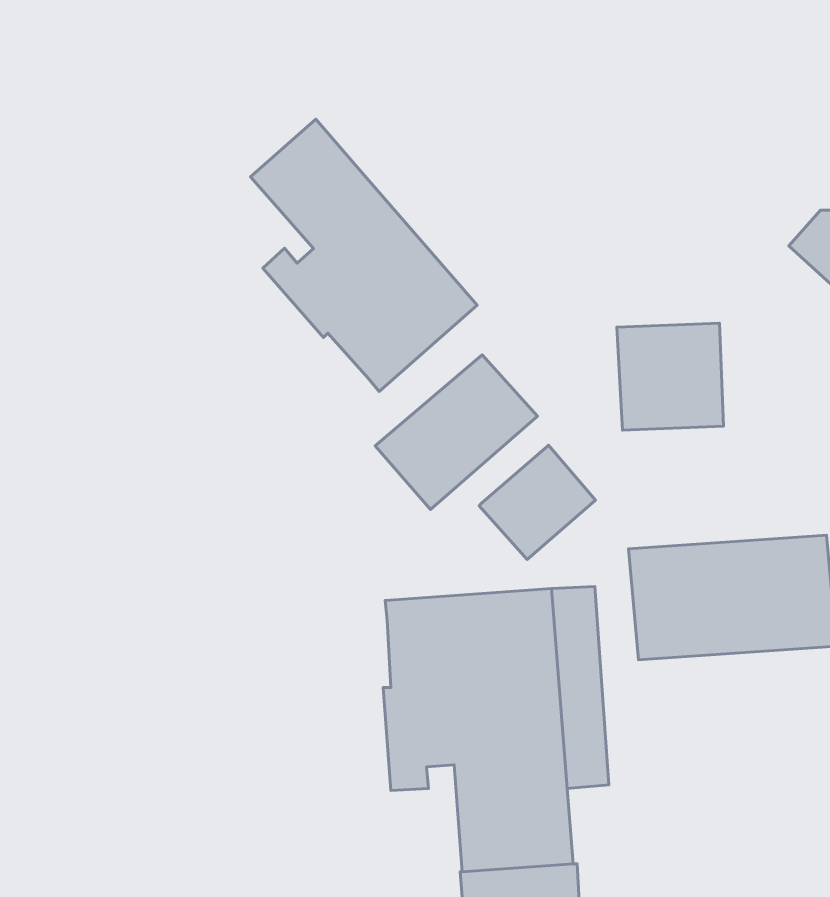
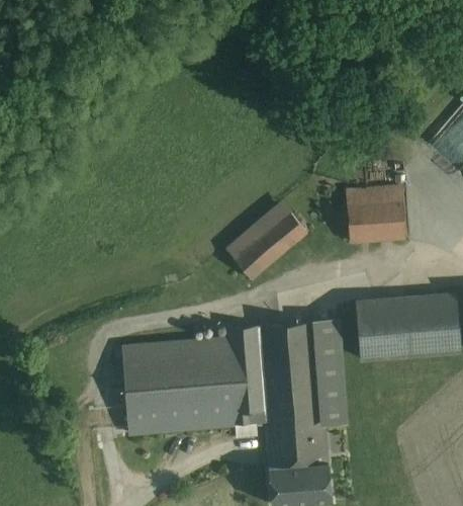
building: [251,119,477,391] -> none
building: [479,445,595,560] -> none
building: none -> [123,338,234,433]

